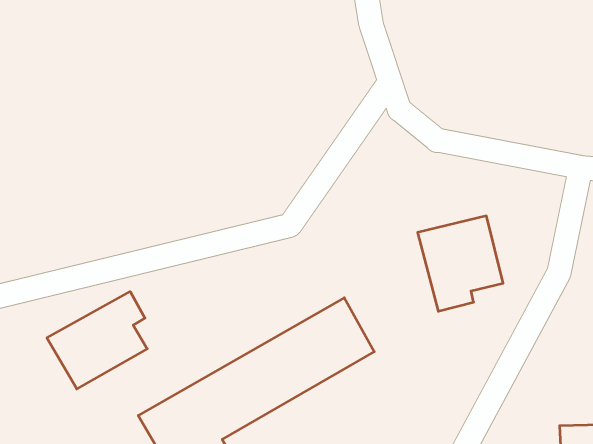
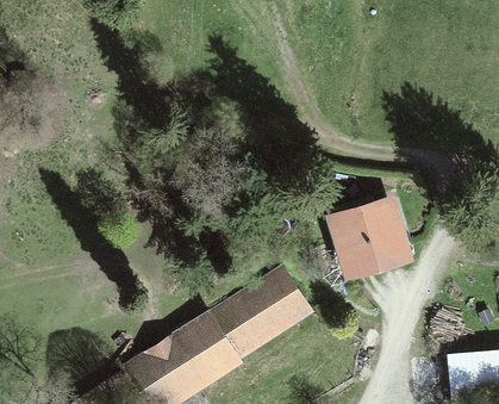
building: [47,292,147,389] -> none

